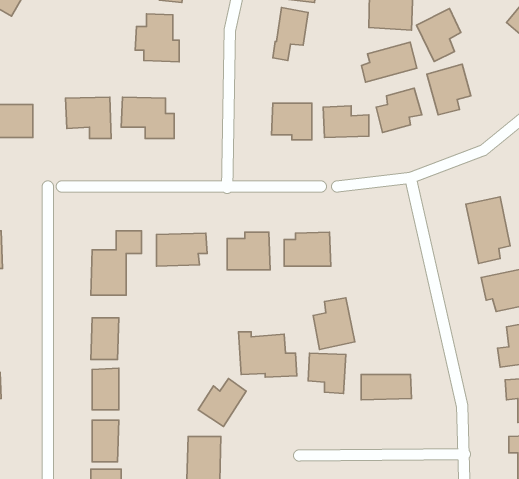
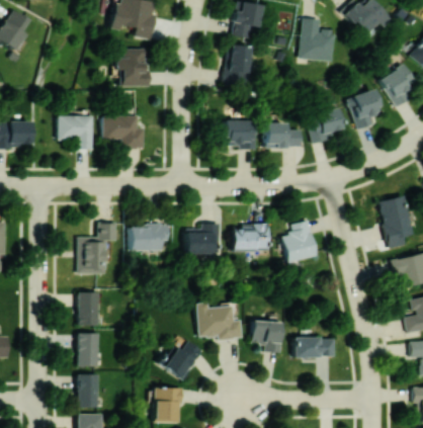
building: [417,9,461,62] -> [379,65,415,107]
building: [361,42,417,82] -> none
building: [313,298,355,349] -> [282,221,316,262]

